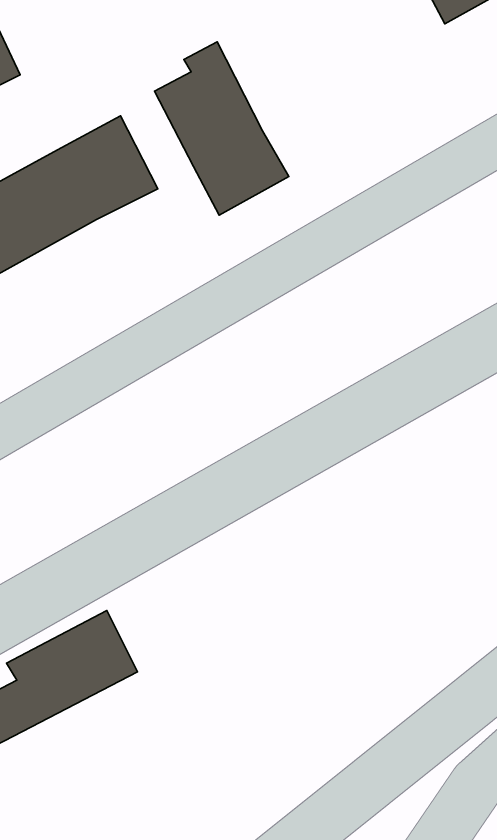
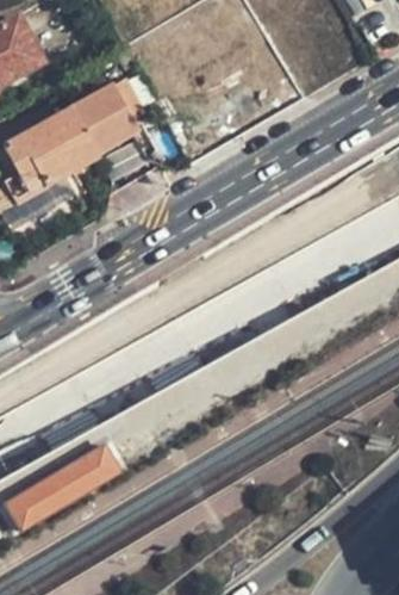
building: [154,42,289,215] -> none

